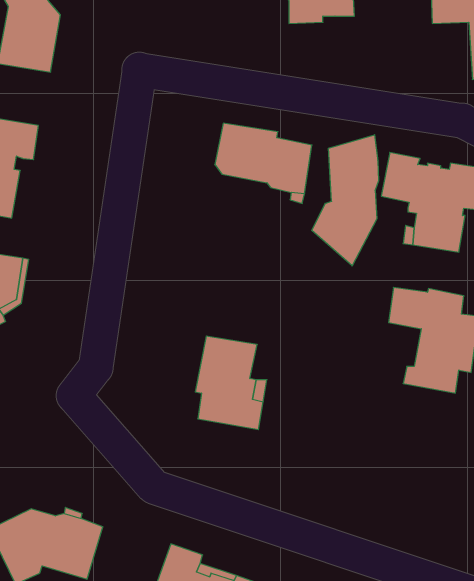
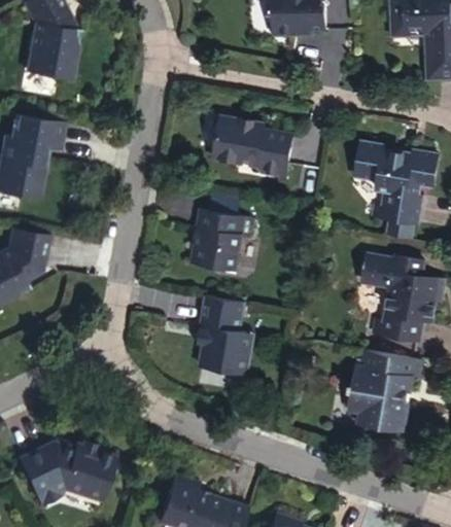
building: [312,135,379,266] -> none
building: none -> [189,209,252,271]
building: none -> [341,349,419,431]

